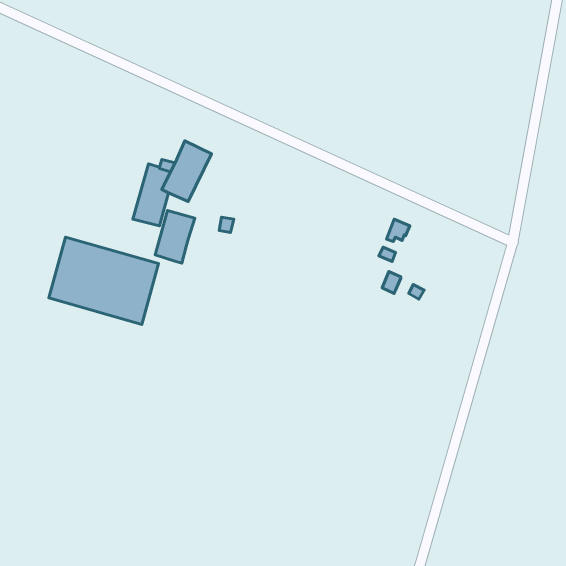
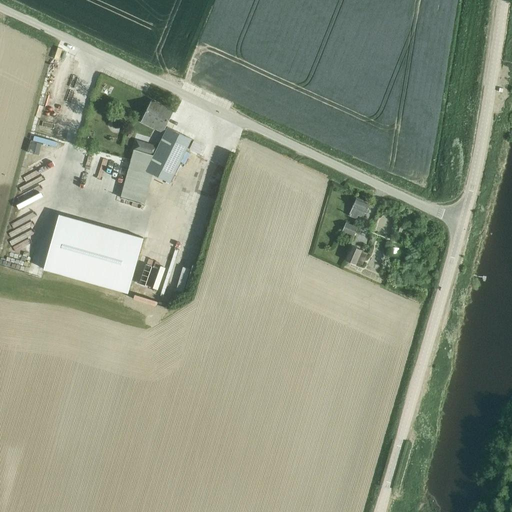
building: none -> [143,101,172,129]
building: [155,211,195,263] -> none

